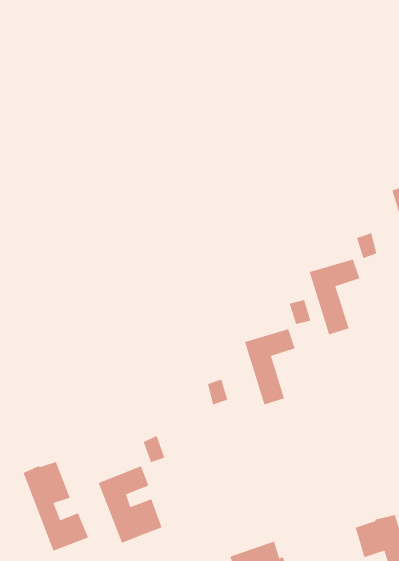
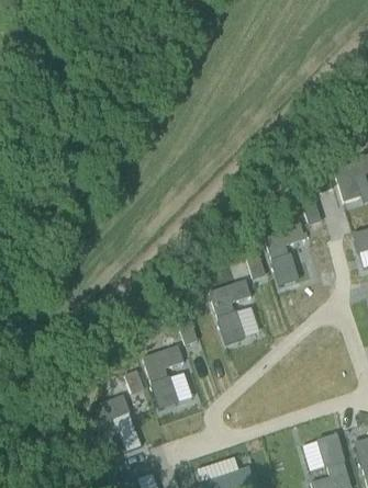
building: none -> [143,345,192,410]
building: [23,461,89,552] -> none

